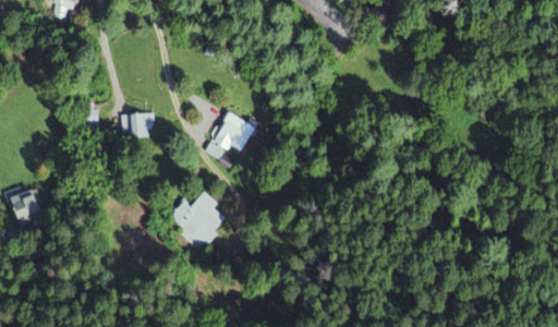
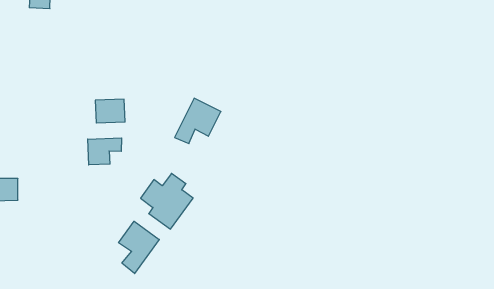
building: none -> [88,138,121,165]
building: none -> [119,221,159,274]

